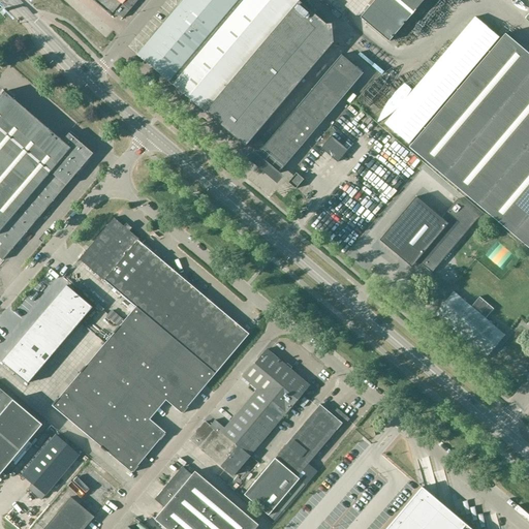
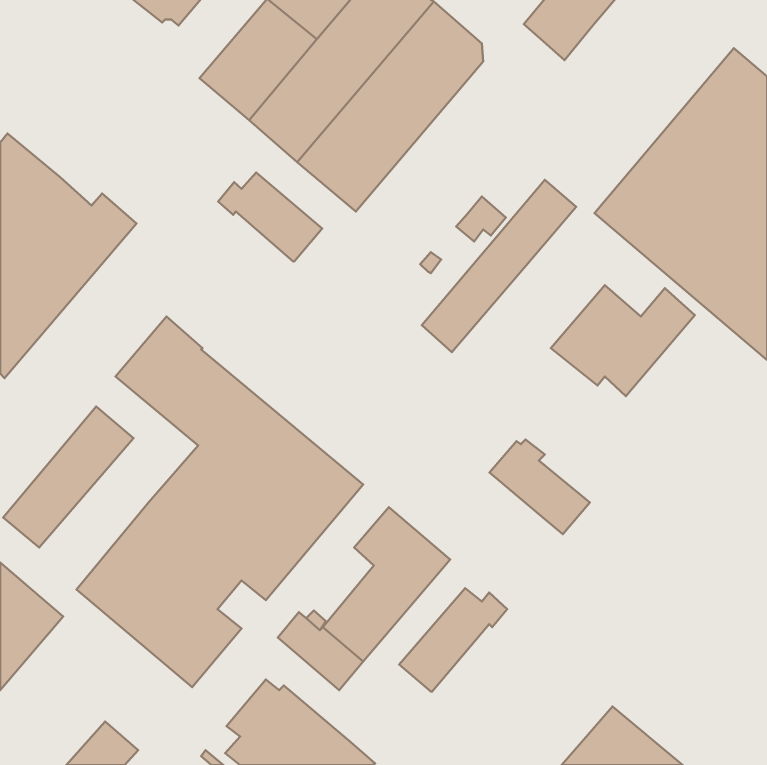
building: [384,17,499,144] -> none
building: [257,55,364,174] -> [422,180,576,352]
building: none -> [218,172,322,261]
building: [436,291,505,356] -> [489,440,590,534]
building: [24,436,81,495] -> none
building: [244,458,300,515] -> none

